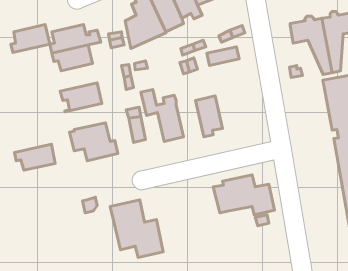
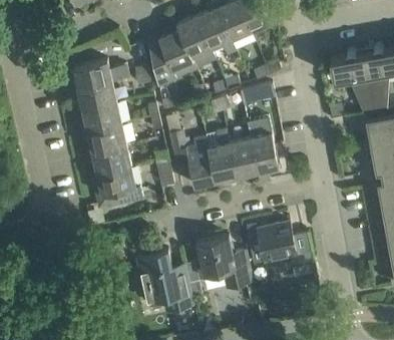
building: [11,25,50,52] -> [79,102,121,132]
building: none -> [246,117,279,183]
building: none -> [208,129,237,184]
building: [14,144,55,170] -> [86,145,130,174]
building: none -> [195,236,252,289]

